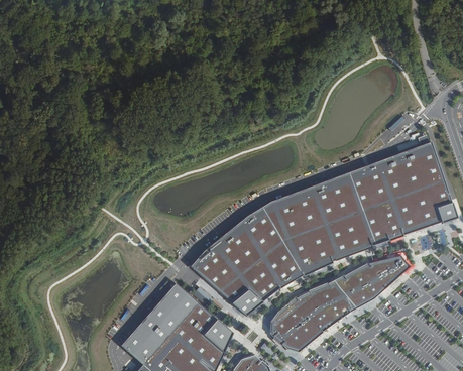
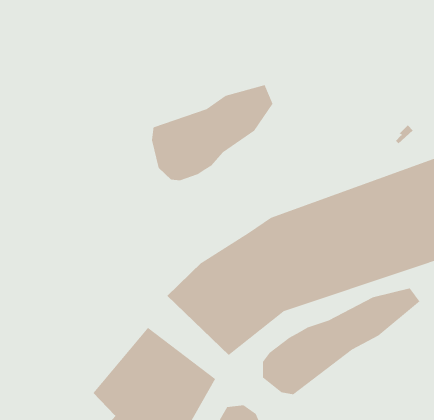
building: none -> [151,84,273,181]

